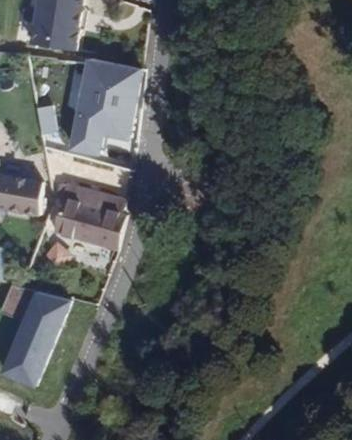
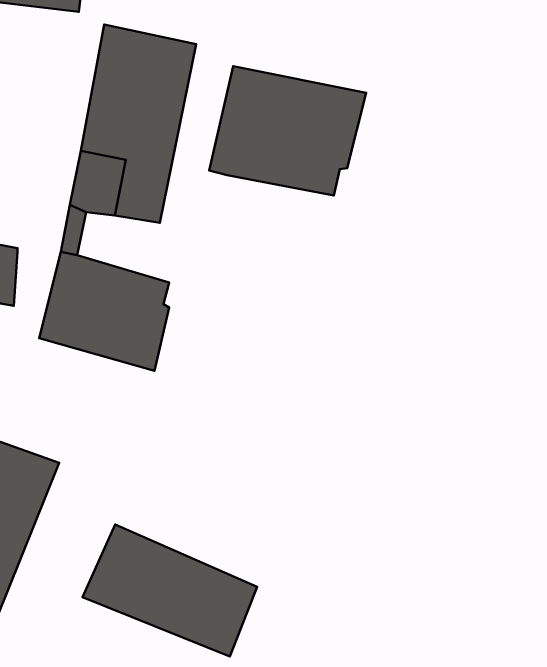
building: none -> [209,66,366,195]
building: none -> [83,524,257,656]

